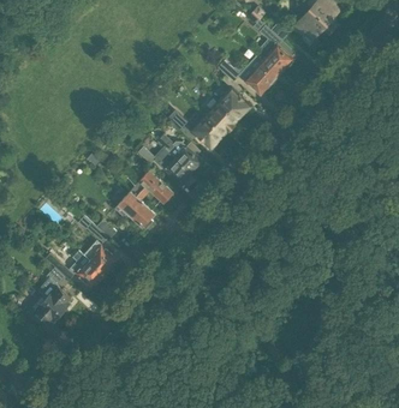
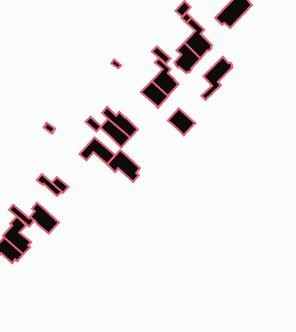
building: none -> [201,57,232,100]
building: [191,116,225,149] -> [168,109,196,135]
building: [114,192,154,230] -> [107,150,140,182]
building: [84,242,117,275] -> none

